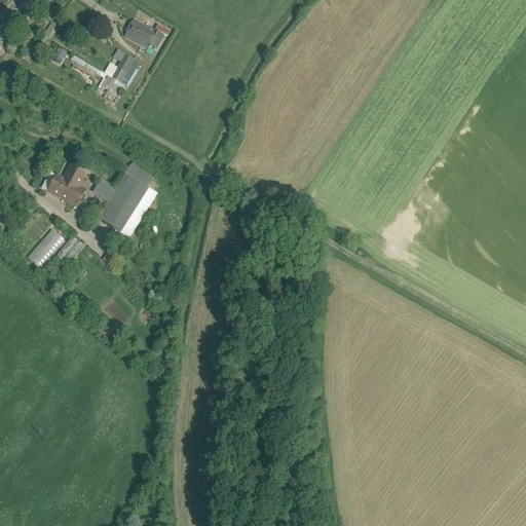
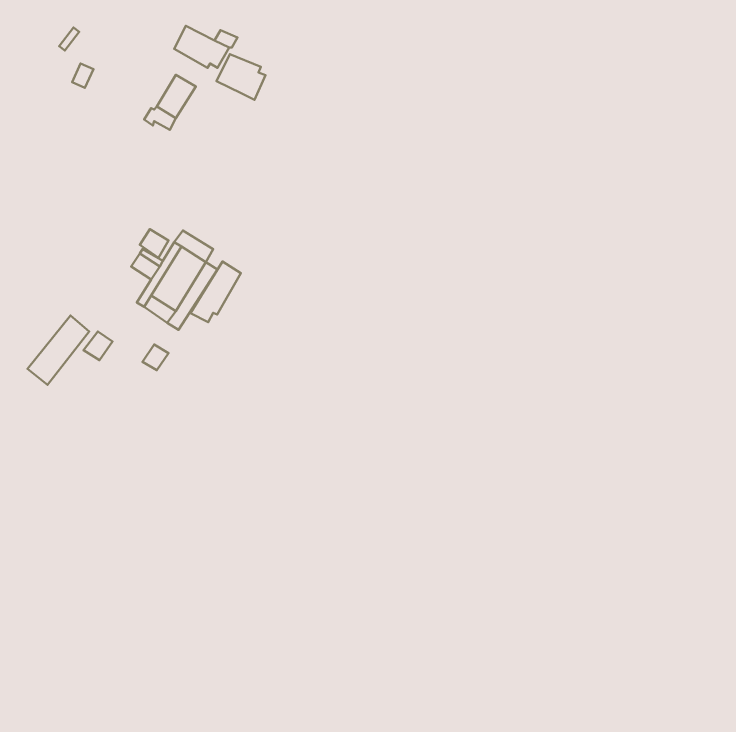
building: none -> [217,54,266,100]
building: [42,163,86,205] -> none
building: none -> [190,262,241,322]

